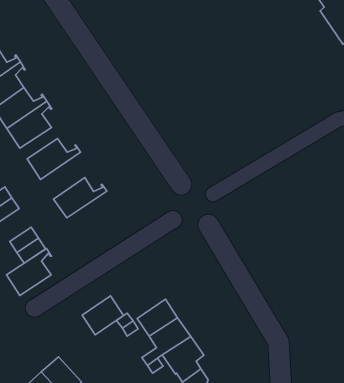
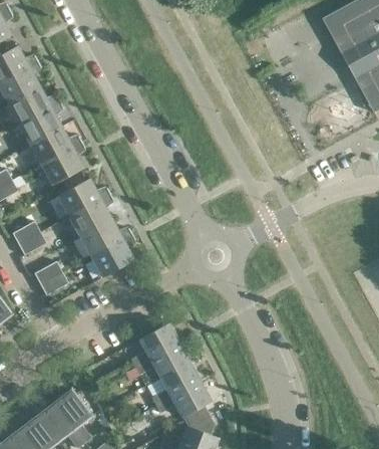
building: none -> [69,194,114,237]
building: [6,248,52,296] -> [91,234,136,277]
building: [82,296,124,335] -> [139,323,179,360]

